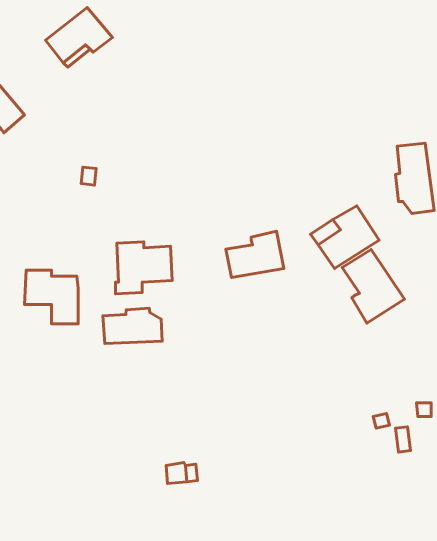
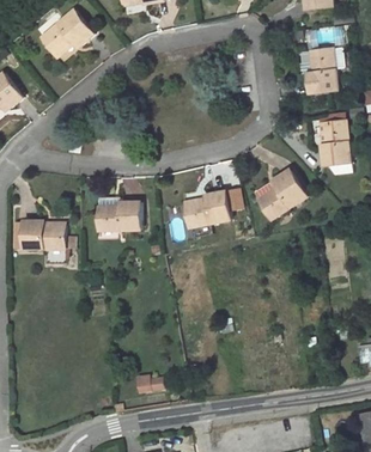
building: none -> [309,47,339,93]
building: [342,250,405,323] -> none
building: [103,308,162,344] -> none

